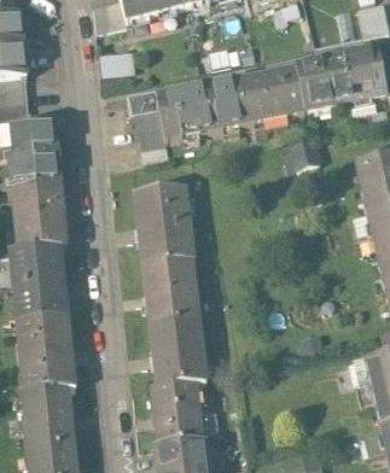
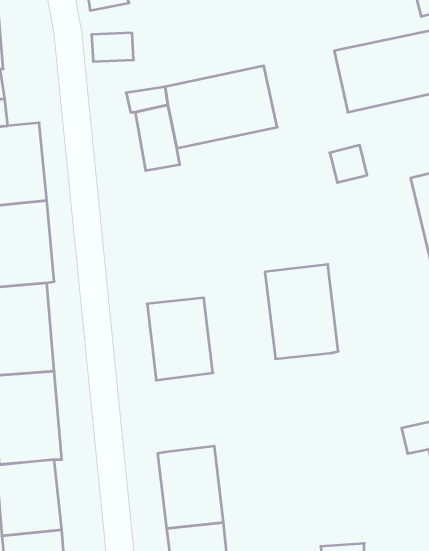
building: [237,57,304,118] -> none
building: [134,185,193,261] -> [265,264,338,359]
building: [150,316,203,380] -> none

